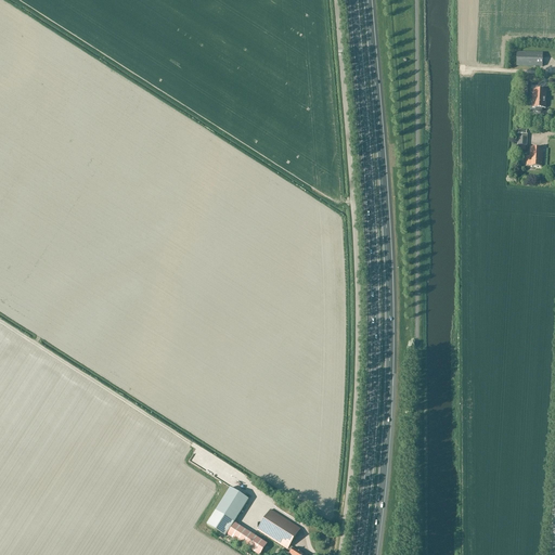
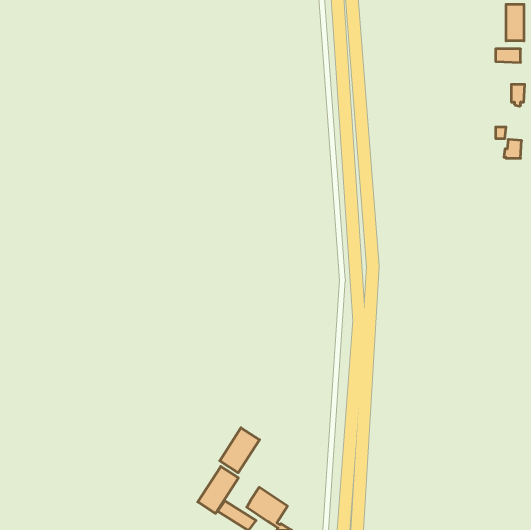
building: none -> [506,4,524,41]
building: none -> [220,428,260,473]

